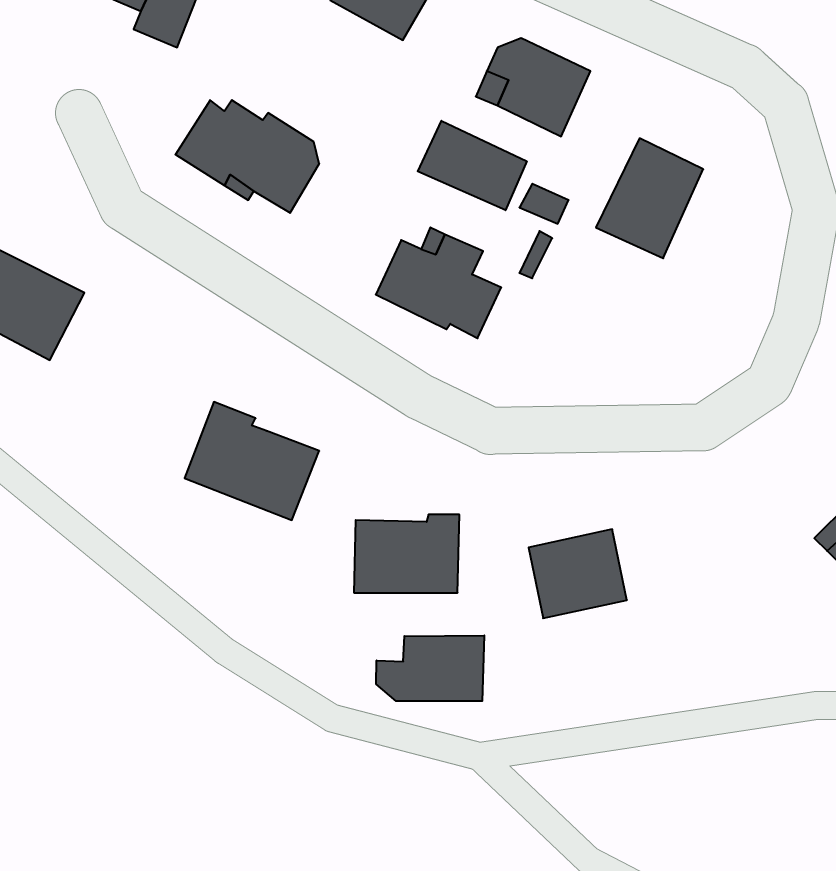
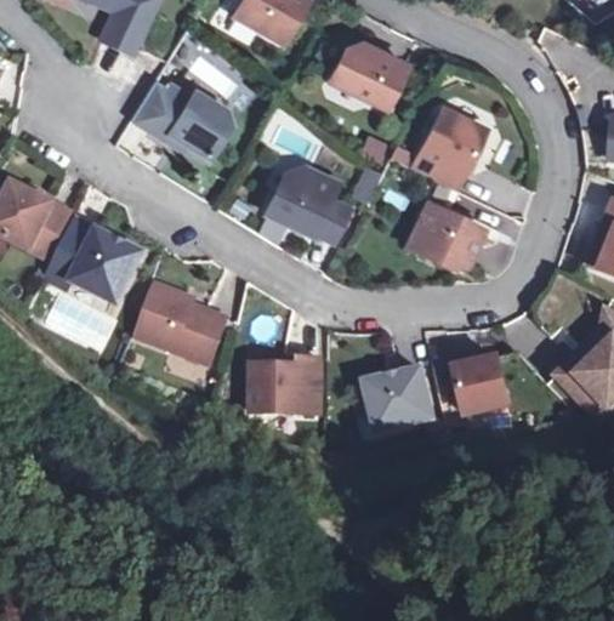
building: [418,121,527,210] -> none
building: none -> [408,204,483,267]
building: none -> [46,218,144,302]
building: none -> [456,357,510,414]
building: [376,635,484,701] -> none

